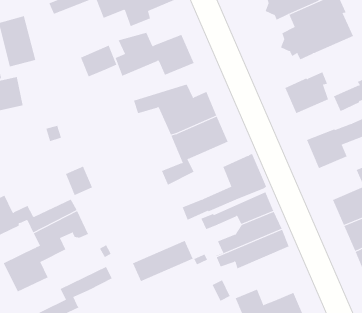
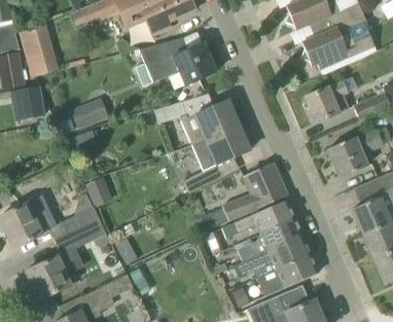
building: [80,45,117,77] -> [71,97,108,129]
building: [132,240,193,282] -> [257,254,318,295]

